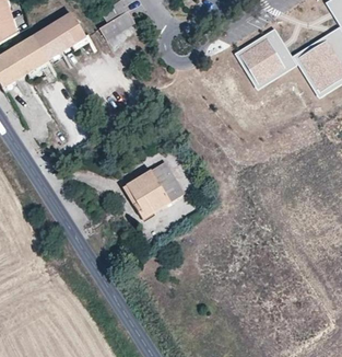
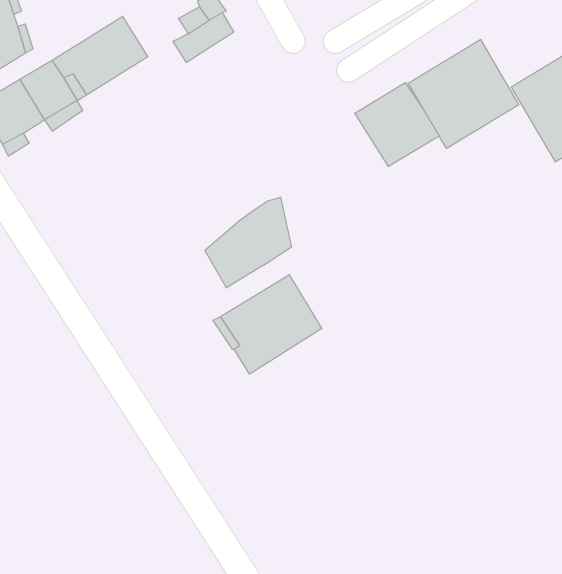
building: none -> [355,83,439,167]
building: none -> [205,197,292,288]

